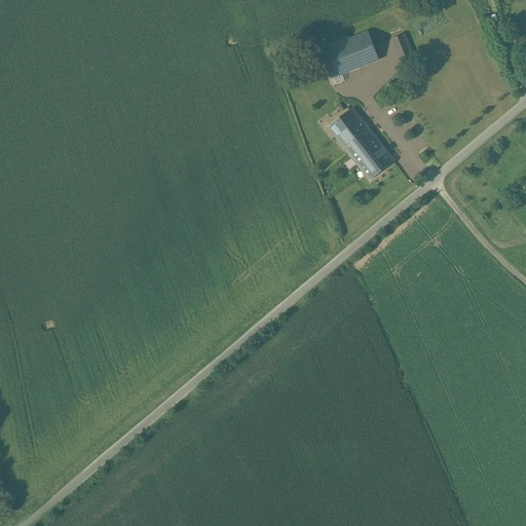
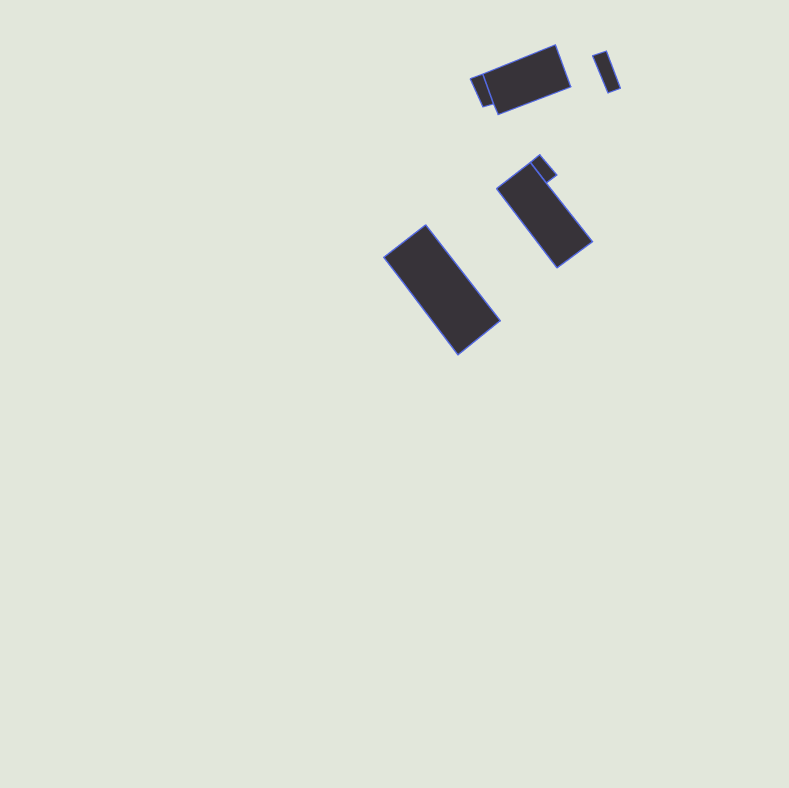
building: none -> [384,225,500,355]

